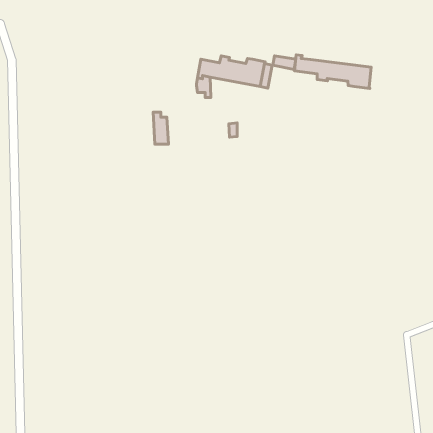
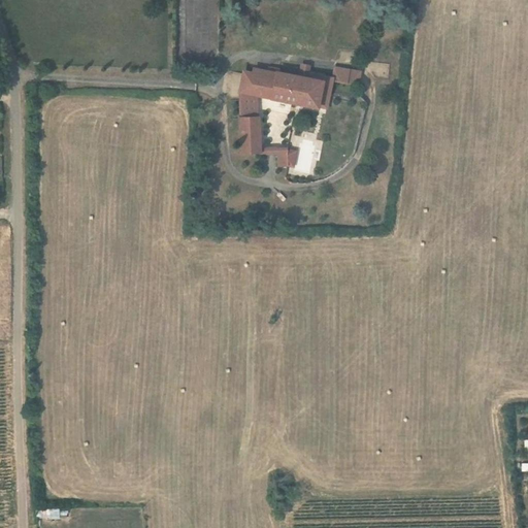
building: [295,55,371,88] -> none
building: [153,112,169,144] -> [240,112,259,152]

